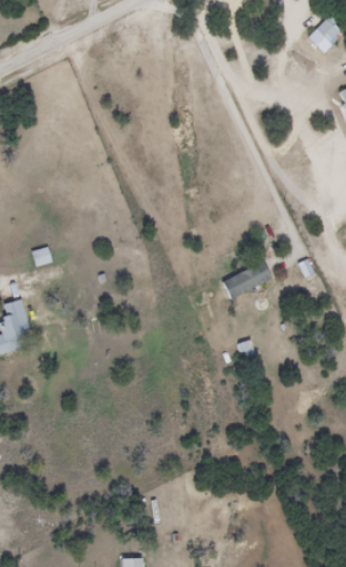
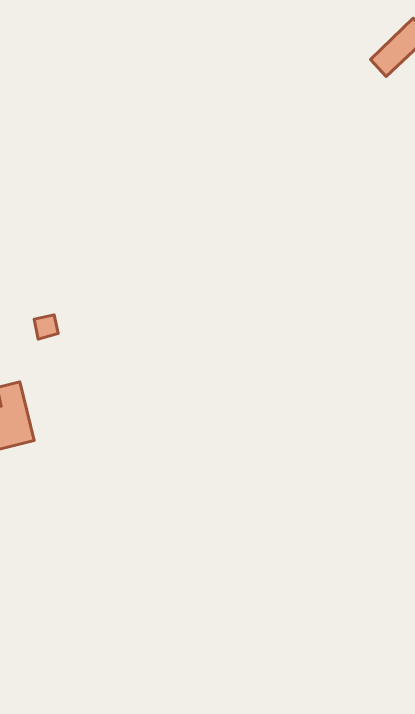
building: [222,260,274,298] -> none

